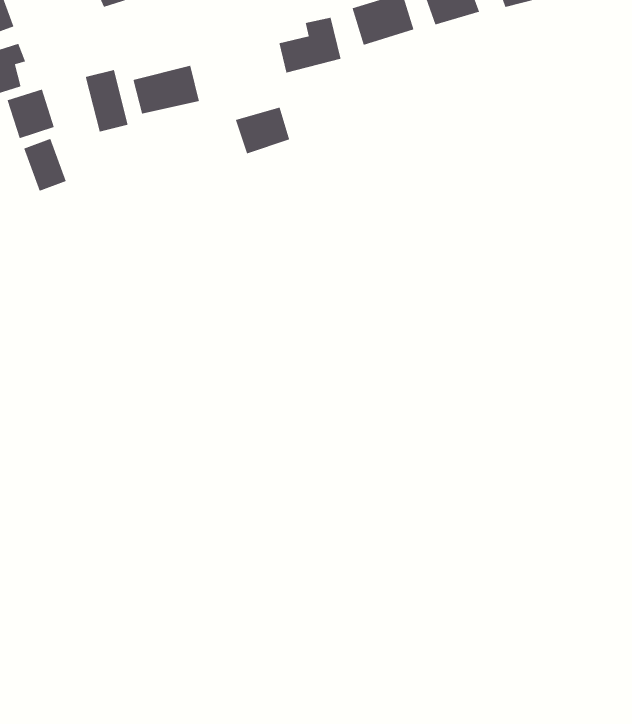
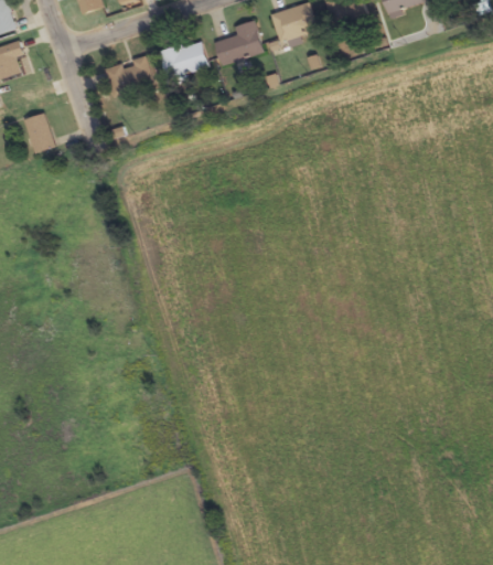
building: [85,69,129,132] -> none
building: [7,88,55,139] -> none
building: [235,106,290,155] -> [167,40,208,76]

